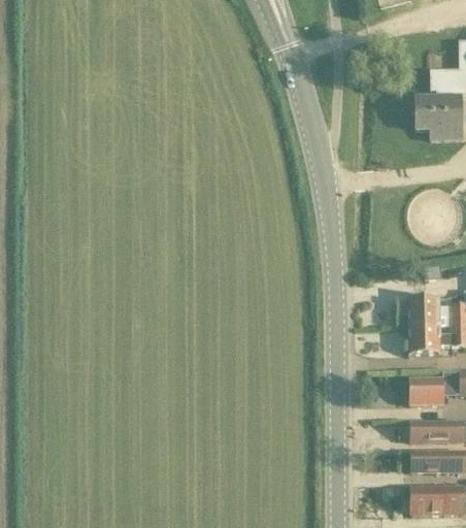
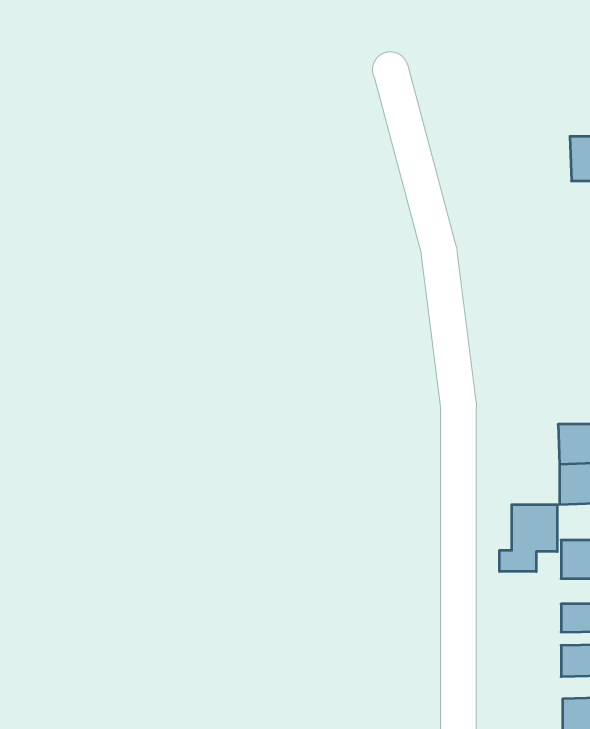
building: none -> [500,505,557,572]

